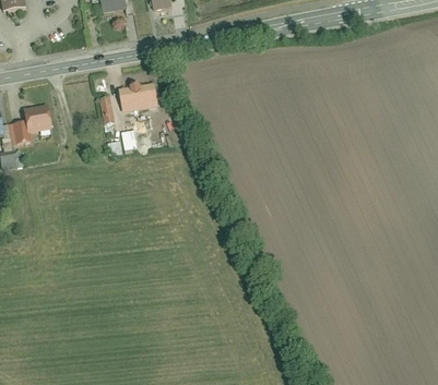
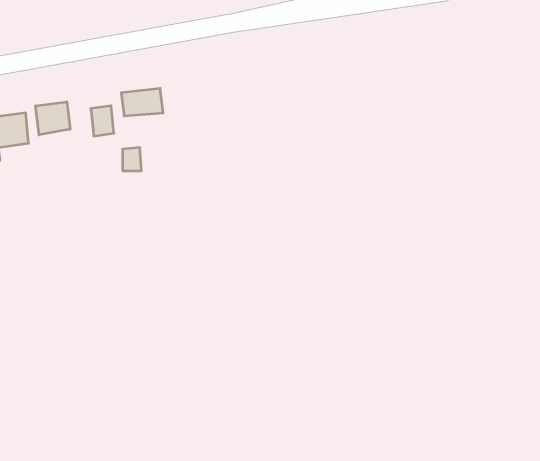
building: none -> [35,102,70,135]

